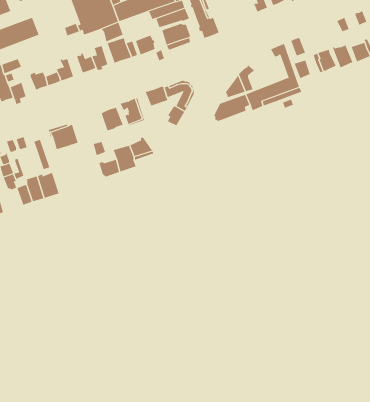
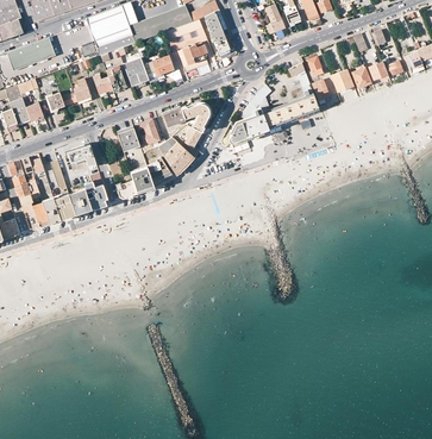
building: none -> [156,136,189,174]
building: none -> [68,173,106,214]

